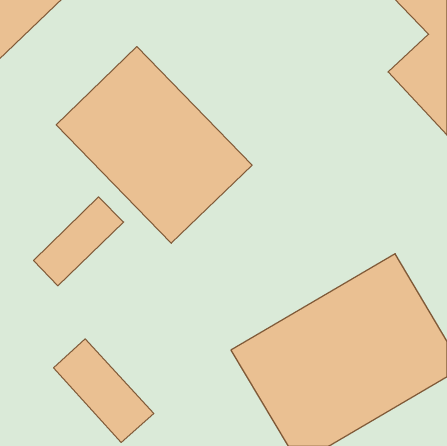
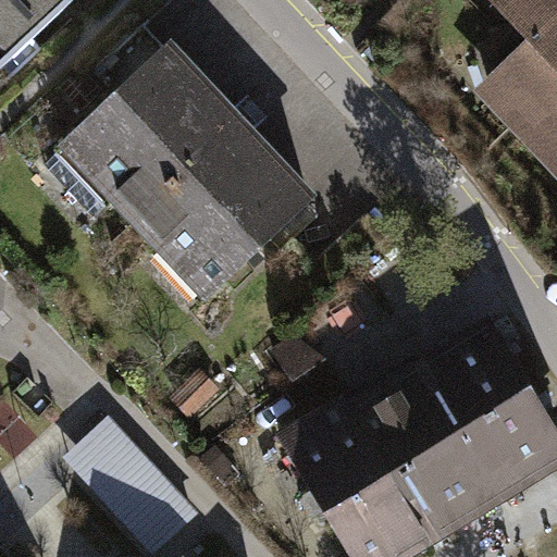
building: [34,197,124,286] -> none

